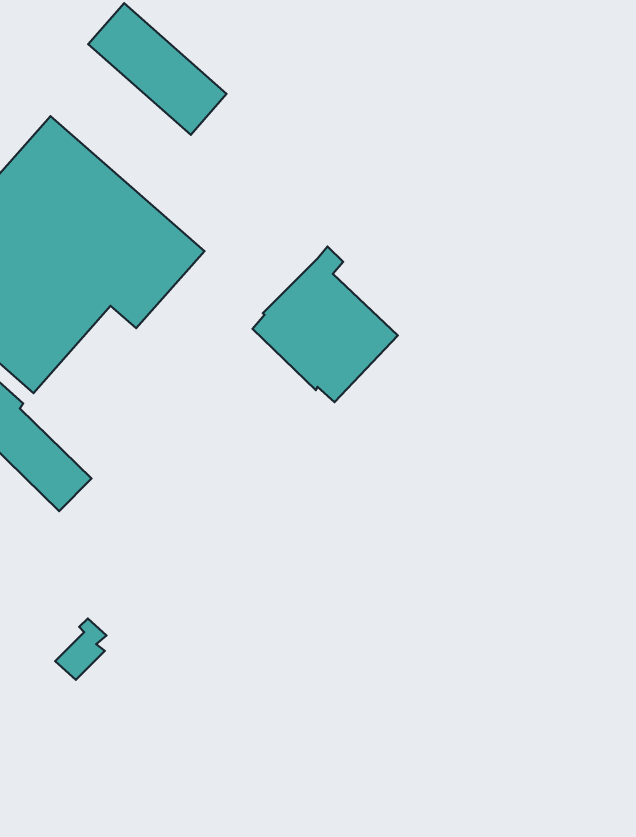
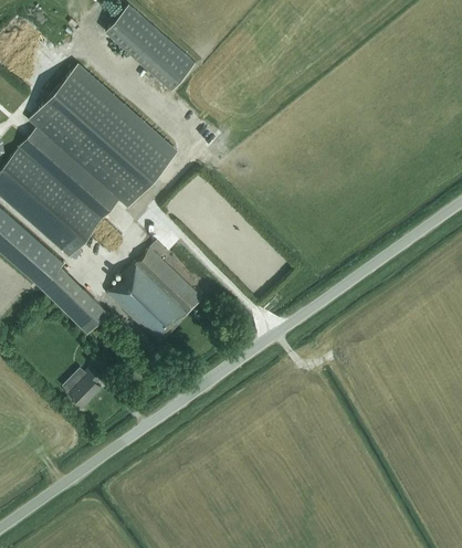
building: [252,247,398,402] -> [107,239,201,339]
building: [55,618,107,680] -> [70,365,103,404]

